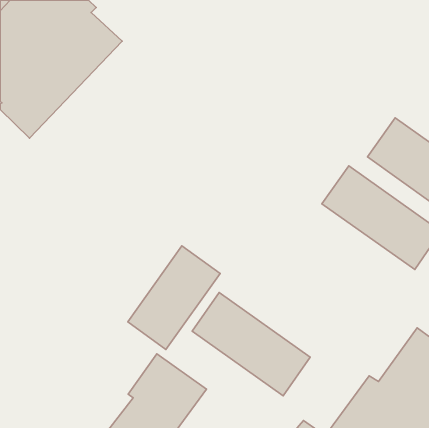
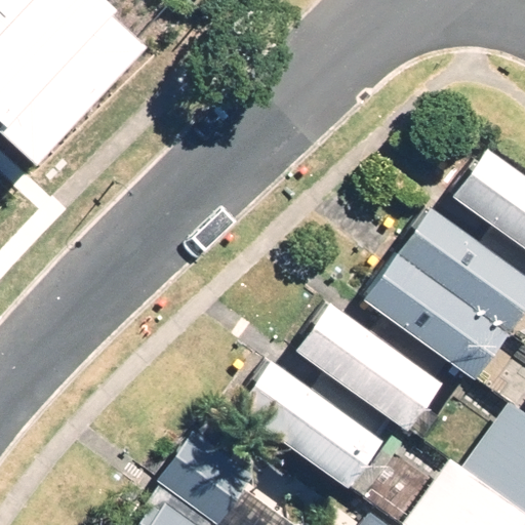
building: none -> [360,251,507,378]
building: none -> [292,301,440,430]
building: [128,246,220,350] -> none

